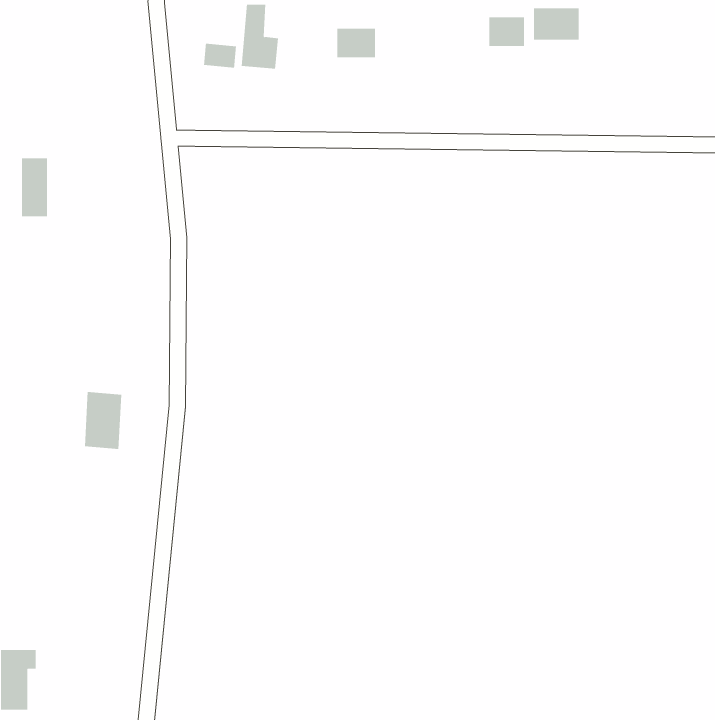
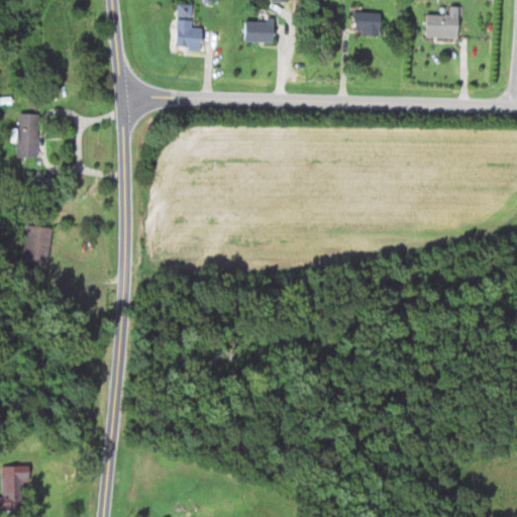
building: [533,8,580,40] -> [425,14,458,37]
building: [204,43,236,68] -> none
building: [84,392,122,449] -> [23,225,50,267]

